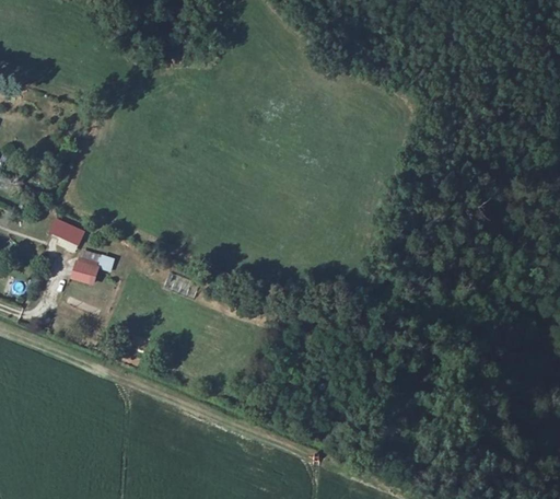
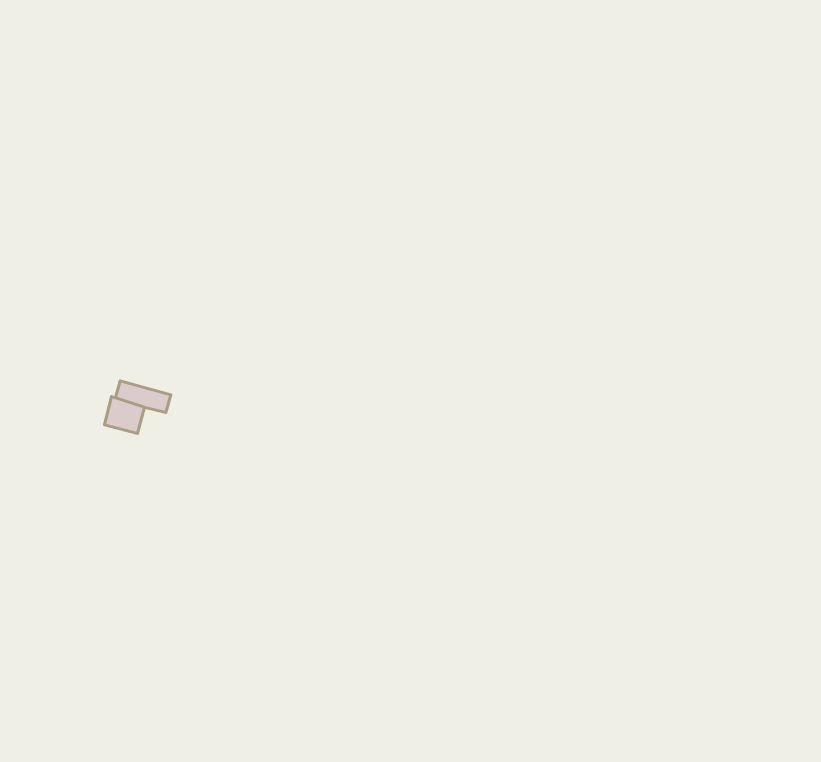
building: [49,218,84,245] -> none

